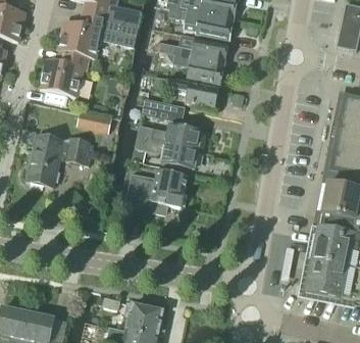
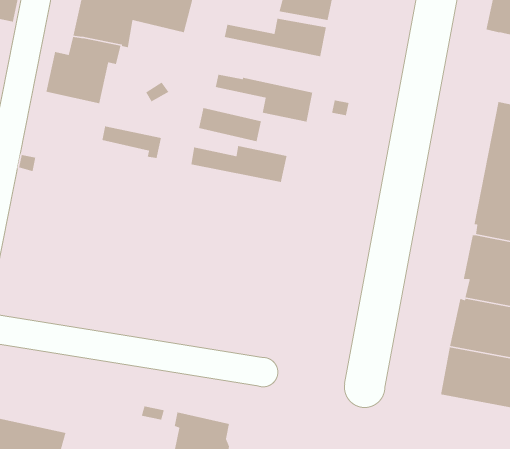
building: [157,50,224,83] -> none
building: [24,133,90,186] -> none
building: [132,136,198,167] -> none
building: [125,168,188,212] -> none

